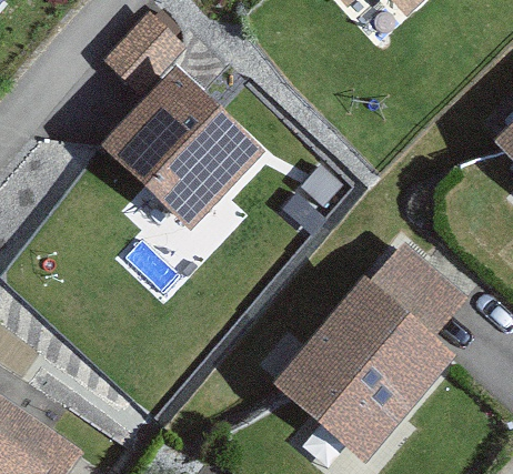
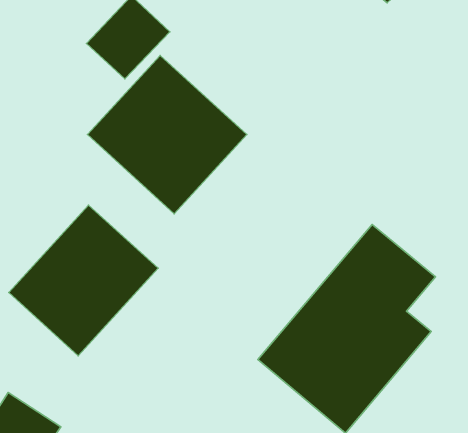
building: none -> [9,205,158,356]

